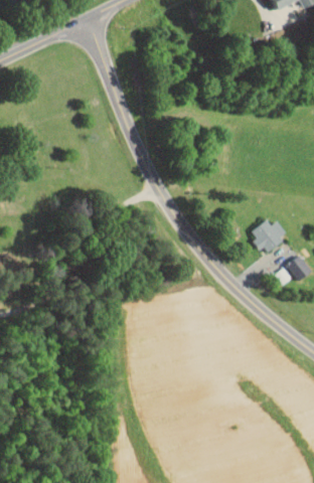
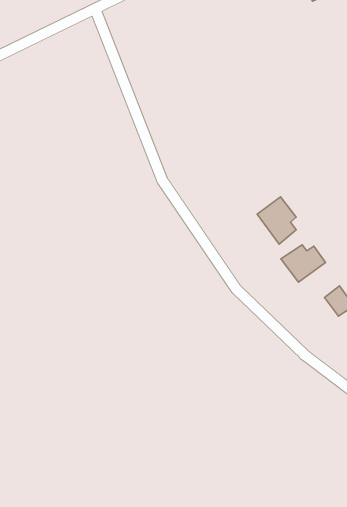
building: none -> [257,197,296,244]

